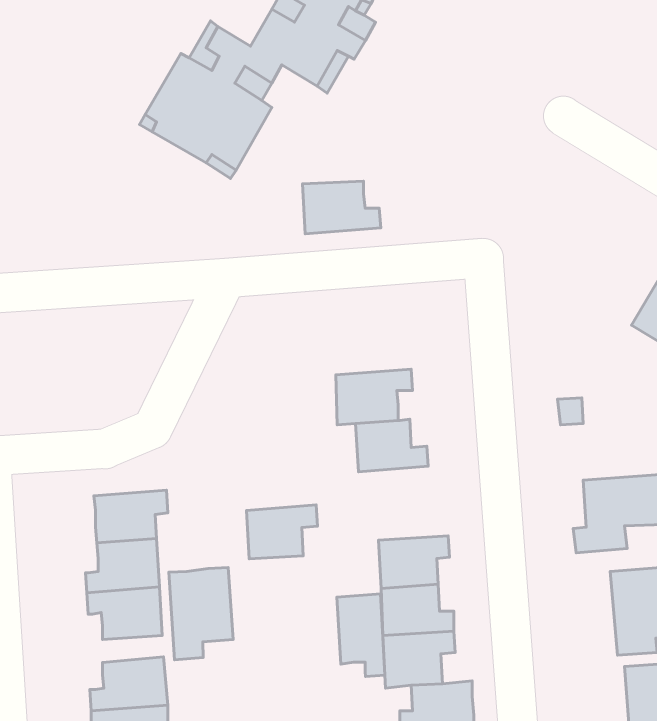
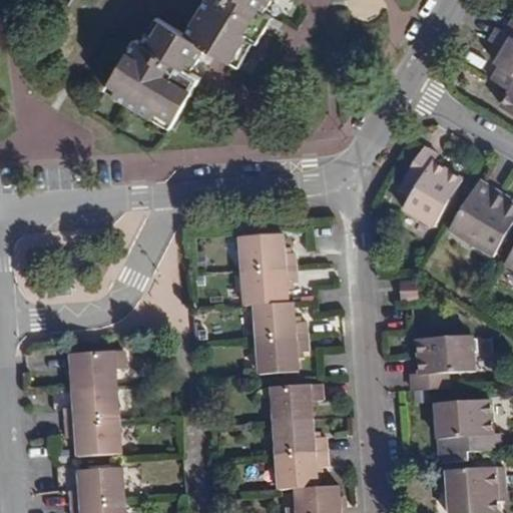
building: [302,181,381,234] -> [238,229,294,267]
building: none -> [403,147,461,228]
building: [246,505,317,559] -> [256,331,307,369]
building: [169,567,233,660] -> none
building: [337,594,385,676] -> none

